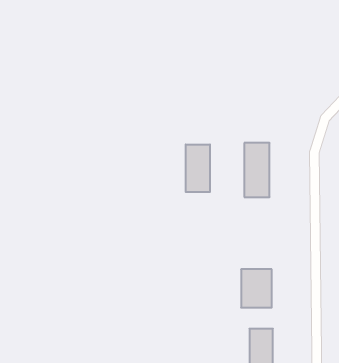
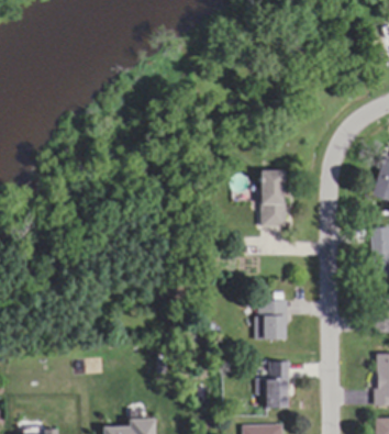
building: [186,144,210,192] -> none

